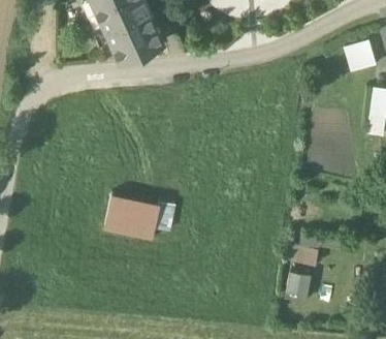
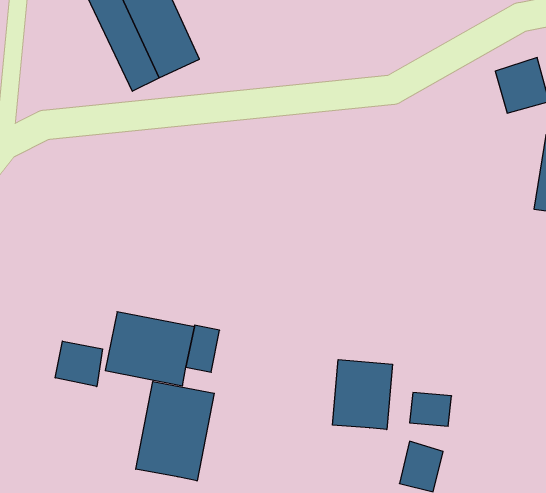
building: none -> [55,341,102,387]
building: none -> [333,360,392,430]
building: none -> [136,381,214,481]

